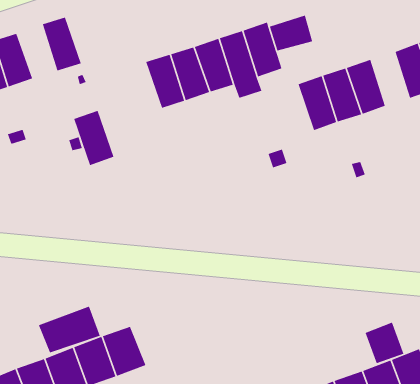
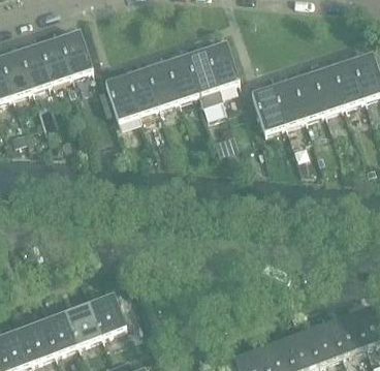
building: none -> [59,30,92,76]
building: [269,15,313,51] -> none
building: none -> [19,43,52,89]
building: none -> [312,66,344,112]
building: [73,110,114,166] -> [104,74,138,121]
building: [38,306,101,353] -> none
building: [365,322,405,364] -> none

